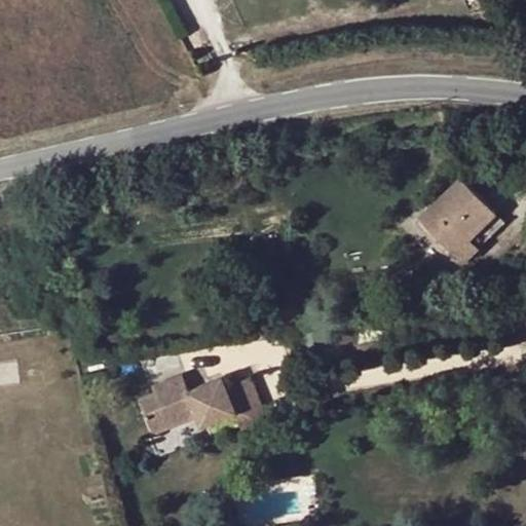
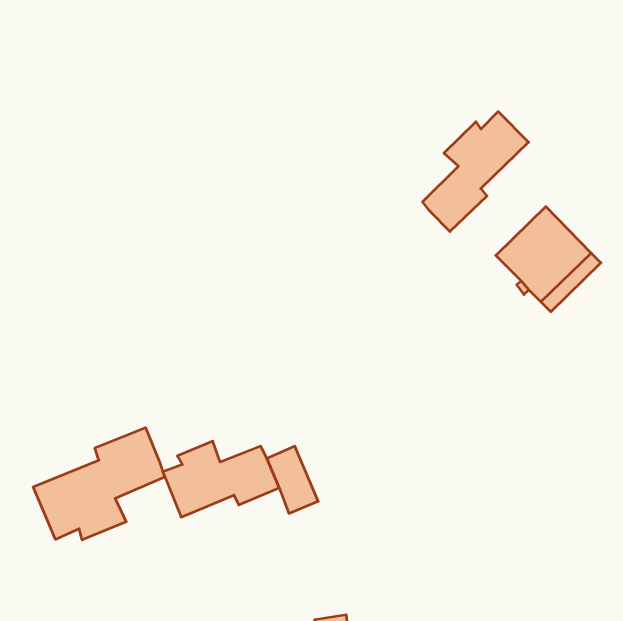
building: none -> [423,112,529,232]
building: none -> [33,428,165,540]

